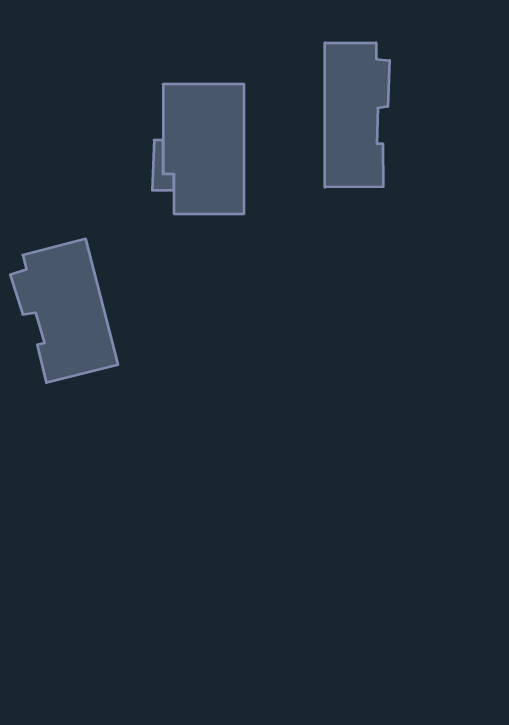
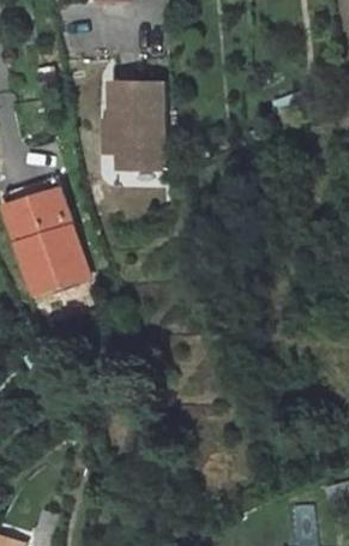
building: [325,43,390,187] -> none

